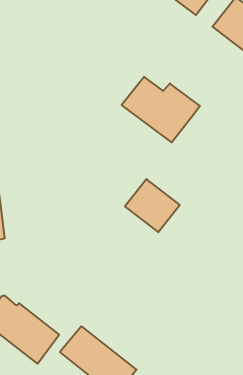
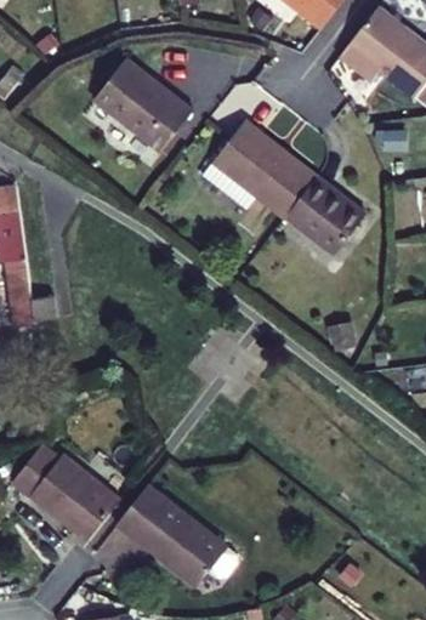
building: none -> [91,59,191,153]
building: [125,179,180,232] -> [284,180,364,257]

